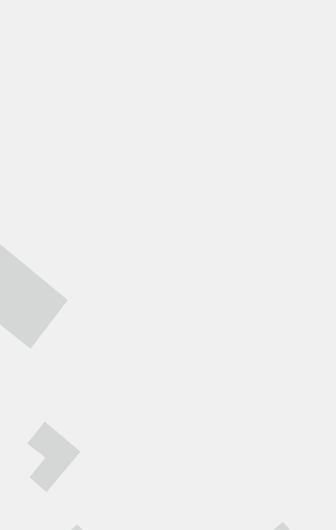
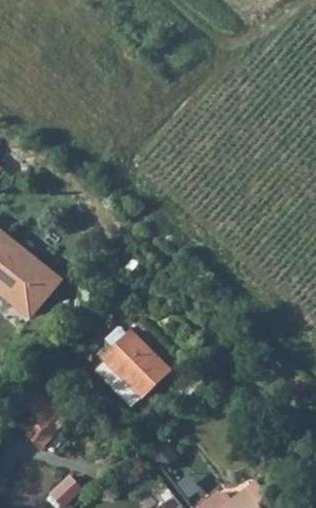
building: none -> [99,323,166,389]

